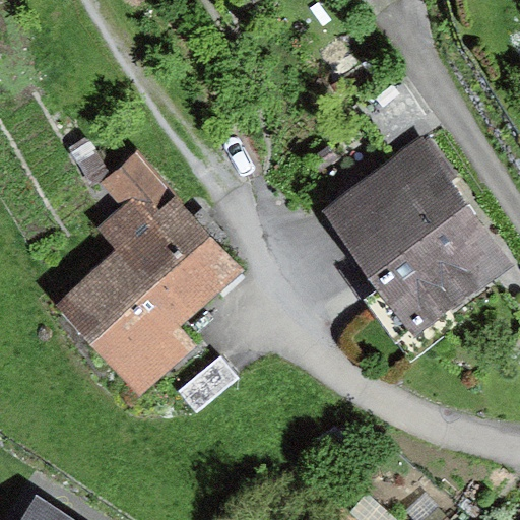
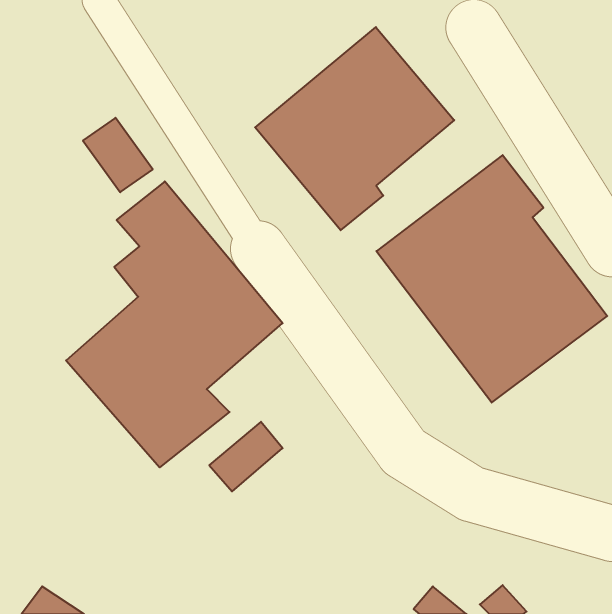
building: none -> [255,27,454,230]

